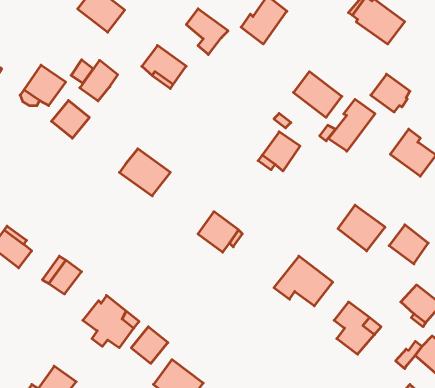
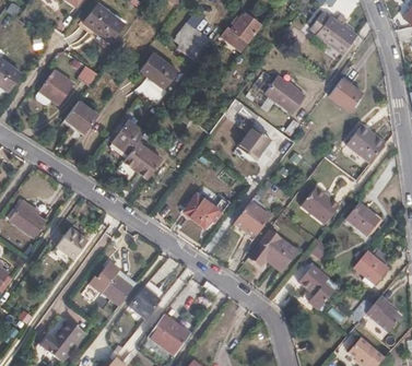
building: [80,60,118,101] -> [109,117,141,151]
building: [328,99,375,151] -> none
building: none -> [234,202,270,237]

